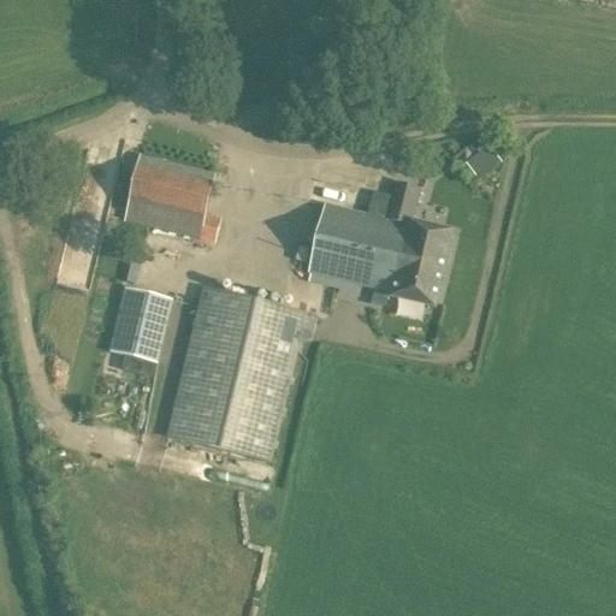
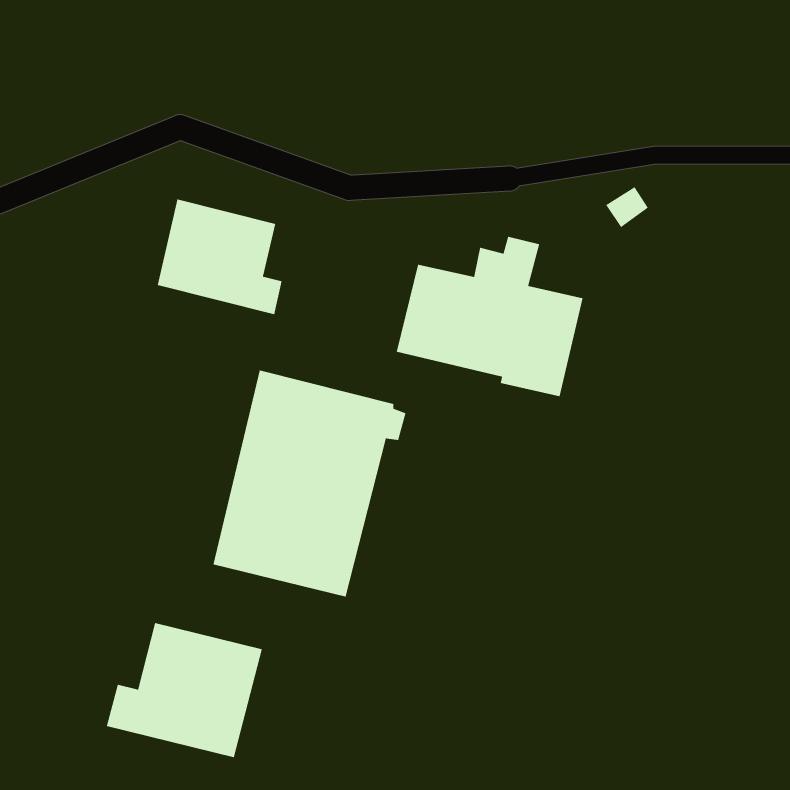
building: [107,288,171,362] -> none
building: none -> [106,622,263,758]

